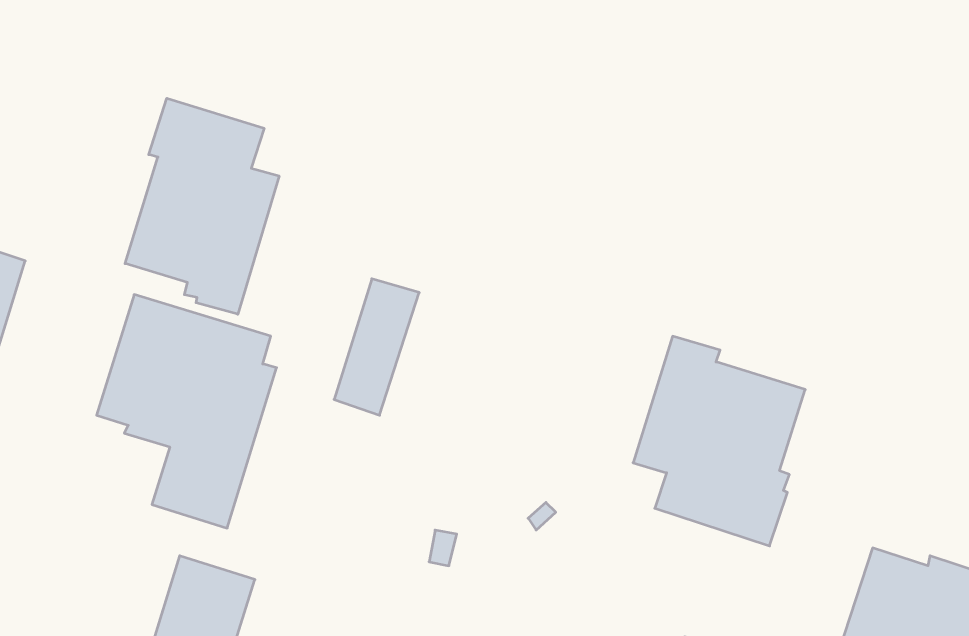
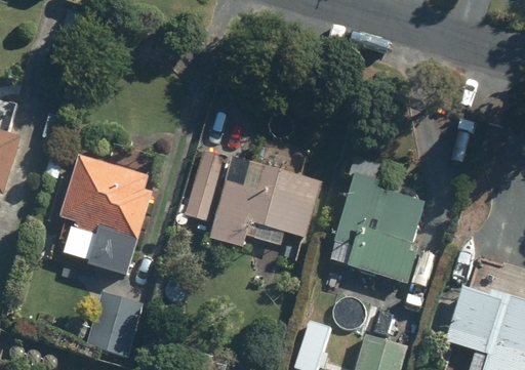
building: [125,98,279,314] -> none
building: none -> [212,163,321,243]

